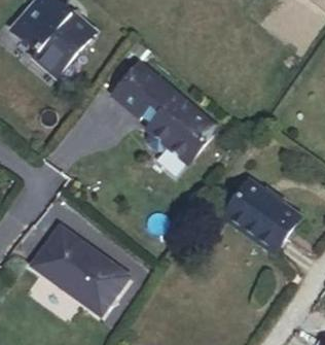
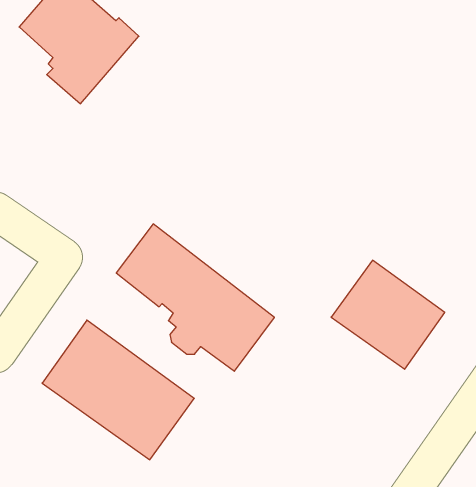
building: [113,62,219,161] -> [116,224,274,371]

